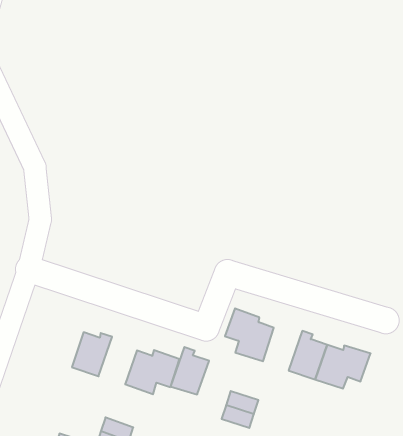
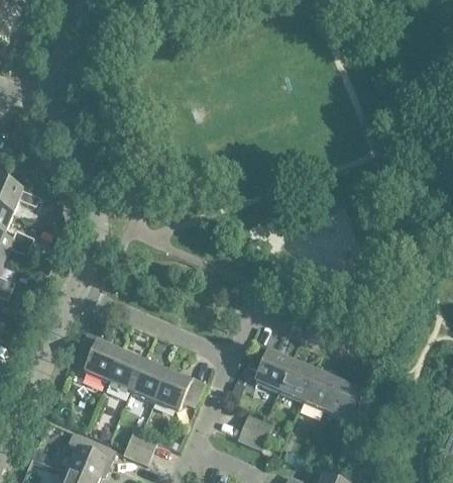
building: none -> [76,332,120,382]
building: none -> [278,362,316,401]
building: [171,347,209,394] -> [130,358,166,401]

